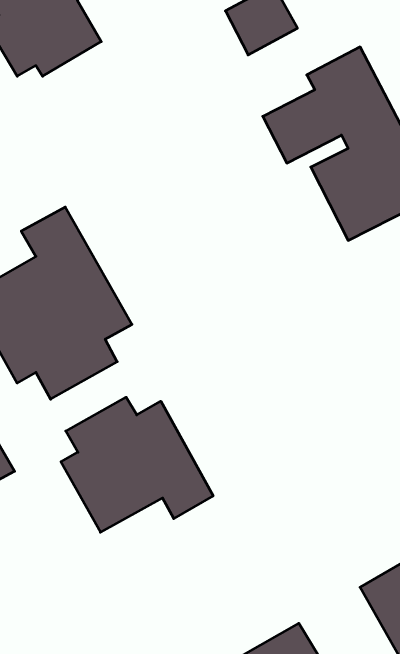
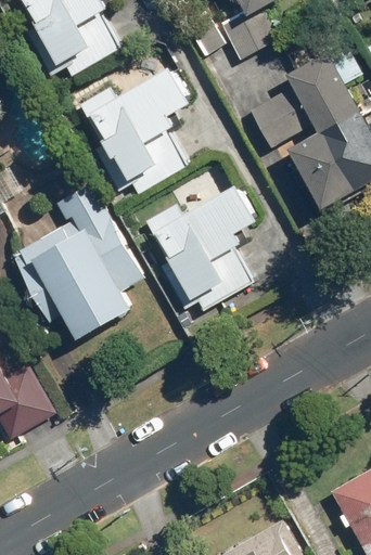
building: none -> [79,67,190,193]
building: none -> [146,185,257,311]
building: [61,397,213,532] -> none

